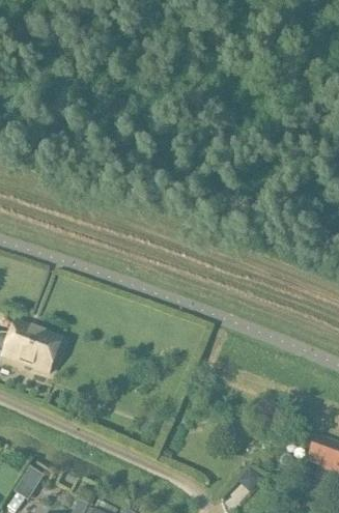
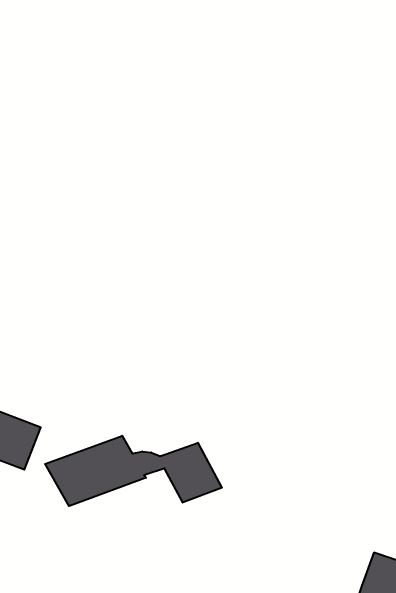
building: none -> [45,436,222,506]

